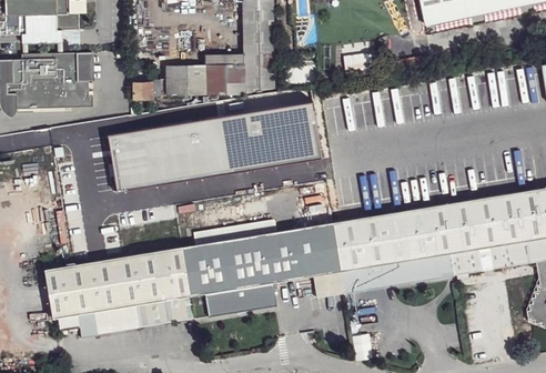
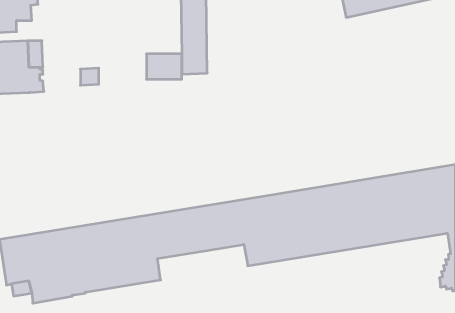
building: [165,65,205,94] -> none
building: [108,103,320,191] -> none
building: [218,281,275,313] -> none

